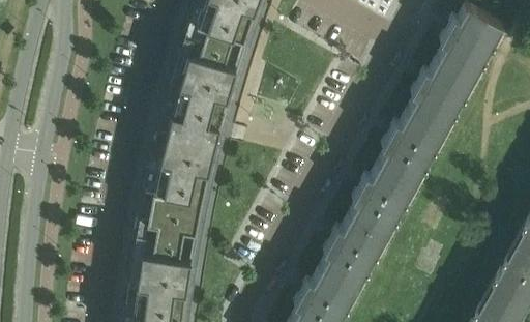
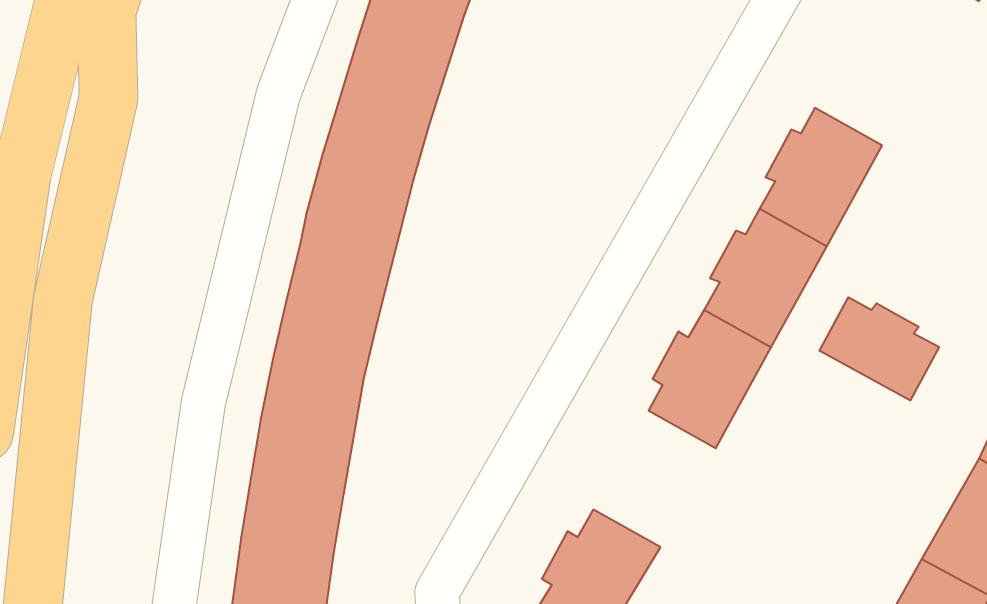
building: [438,5,503,77] -> none
building: none -> [820,297,939,401]
building: [322,215,386,287] -> none

